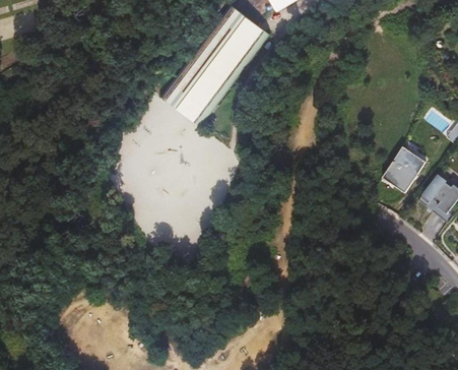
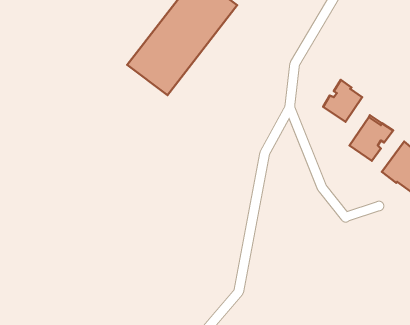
building: none -> [323,80,362,122]

